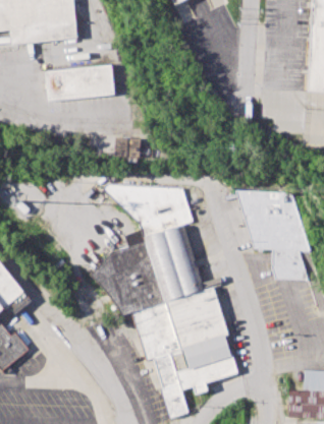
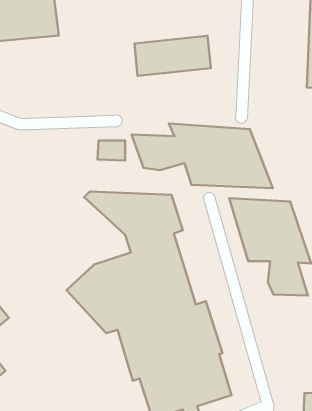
building: [45,64,115,101] -> [134,36,211,76]
building: none -> [131,123,273,188]

